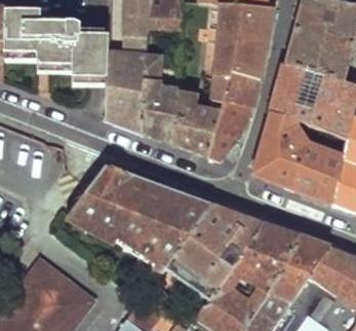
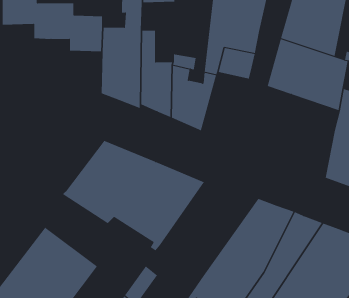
building: [205,96,253,161] -> none
building: [253,110,339,203] -> none
building: [164,204,262,301] -> none

